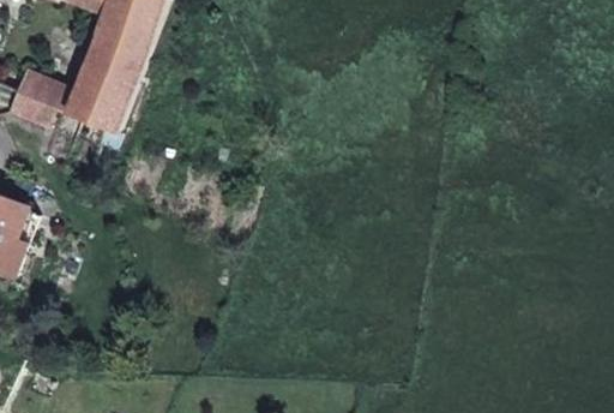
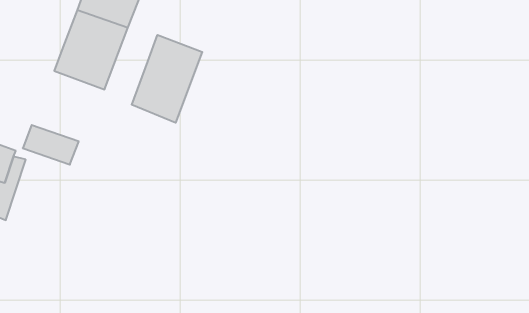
building: [10,71,71,114] -> [23,125,79,165]
building: none -> [132,35,202,123]

